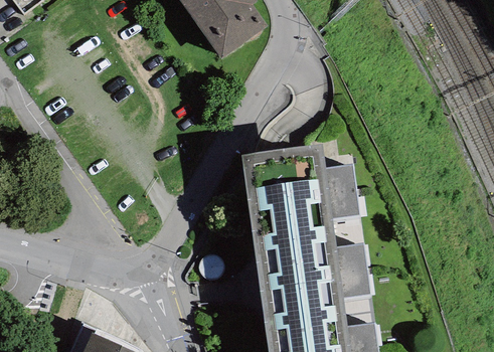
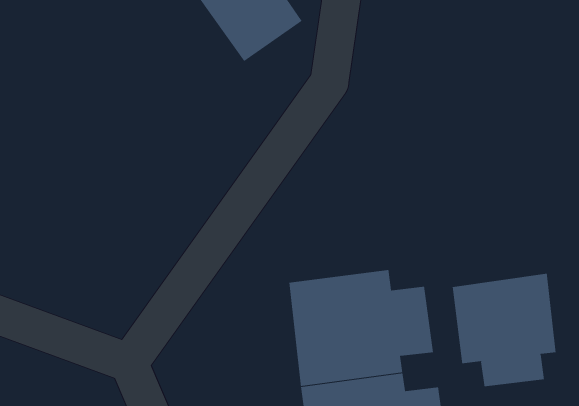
building: [242,138,360,233] -> none
building: none -> [452,273,556,387]

